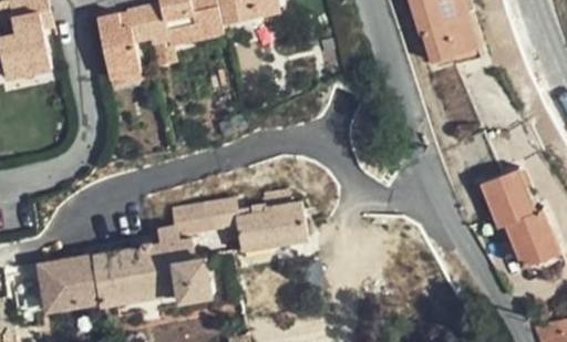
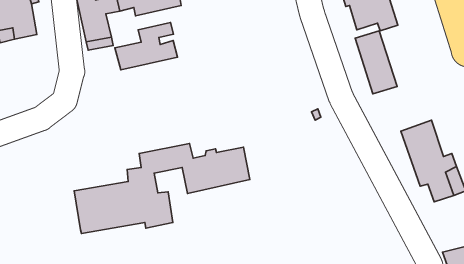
building: none -> [115,23,177,70]
building: [40,253,103,309] -> none

